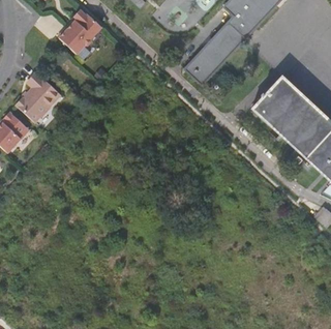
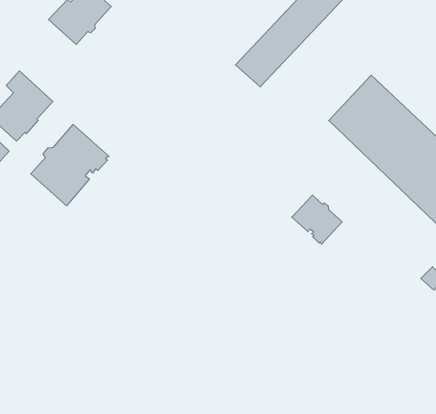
building: none -> [31,124,109,206]
building: none -> [292,195,342,244]

